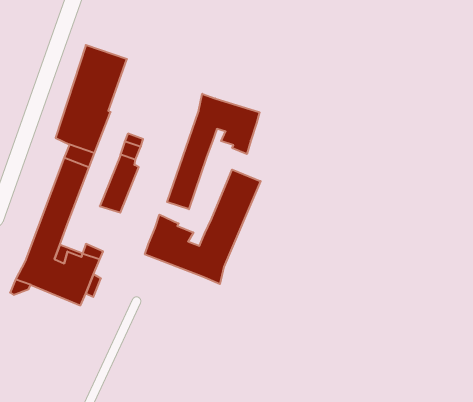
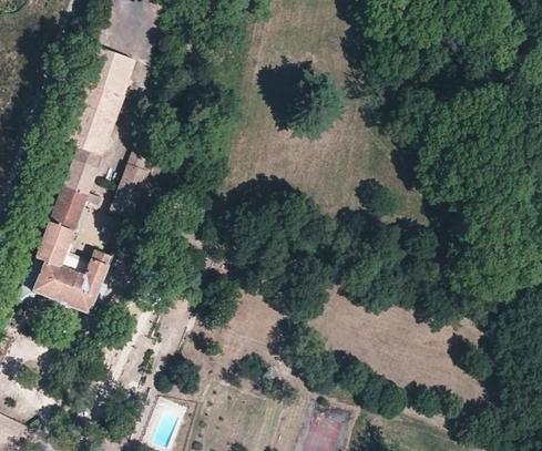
building: [167,94,260,209] -> none
building: [145,170,261,284] -> none

